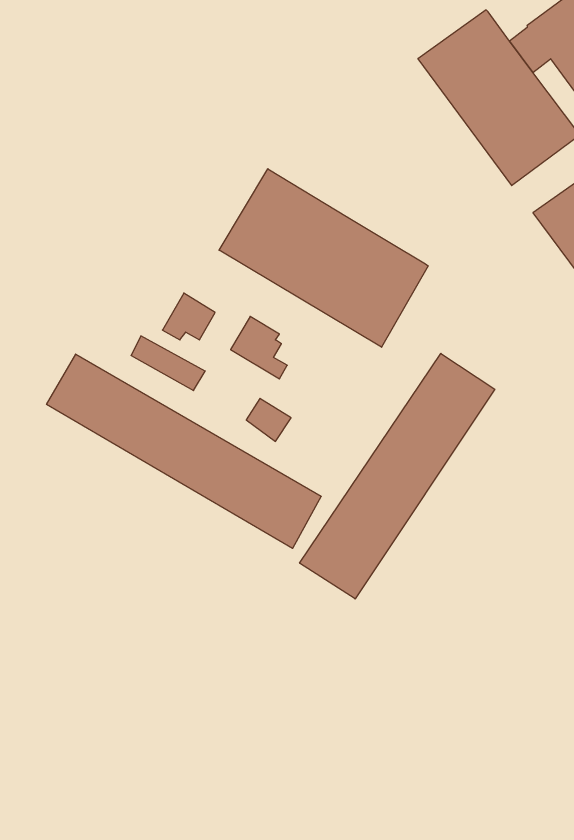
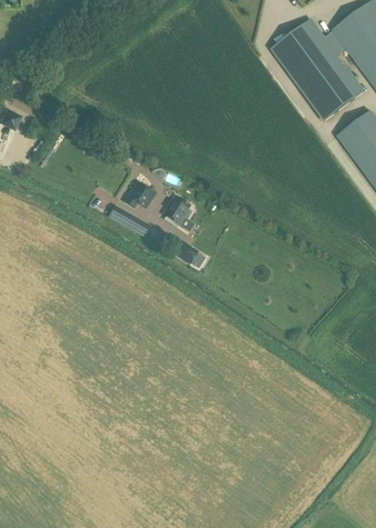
building: [219,169,428,347] -> none
building: [300,353,495,599] -> none
building: [47,354,321,548] -> none

